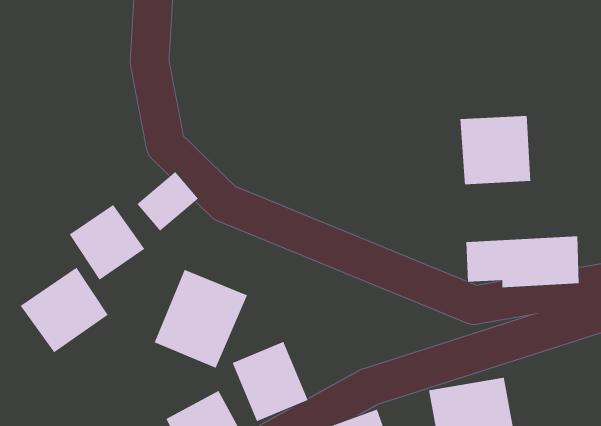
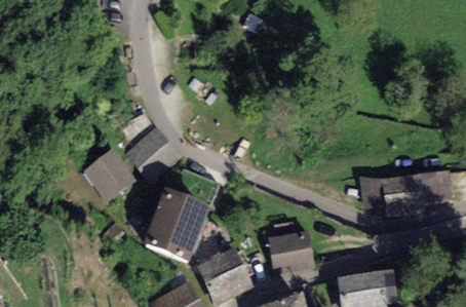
building: [460,115,531,185] -> none
building: [20,267,108,353] -> none
building: none -> [266,230,311,270]

